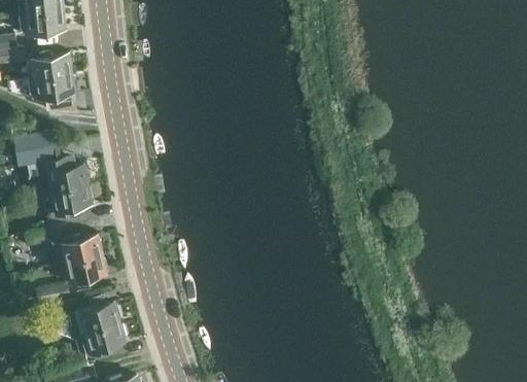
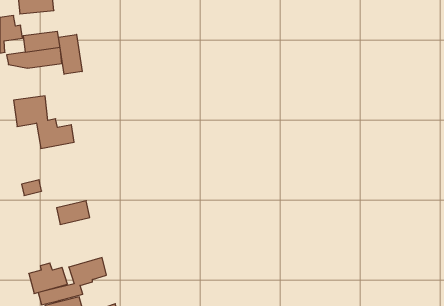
building: none -> [59,34,82,74]
building: [48,186,92,220] -> none
building: [62,237,102,264] -> none
building: [75,298,120,334] -> [29,263,67,294]

